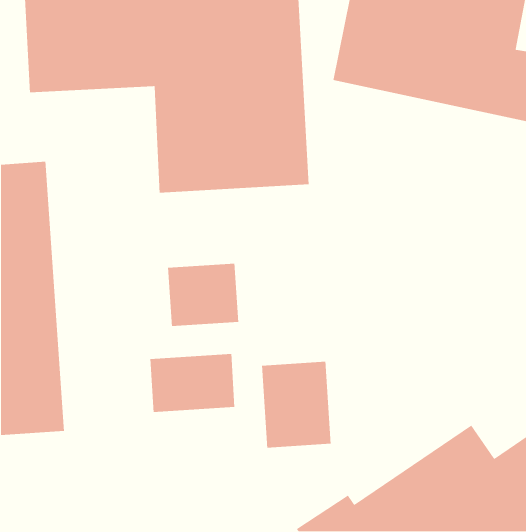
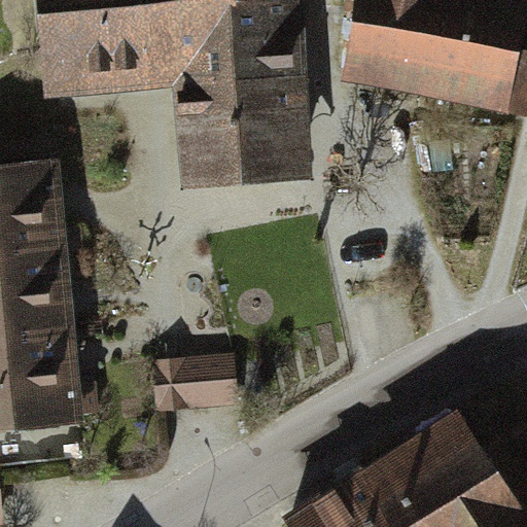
building: [167,263,239,327] -> none
building: [261,361,332,448] -> none

